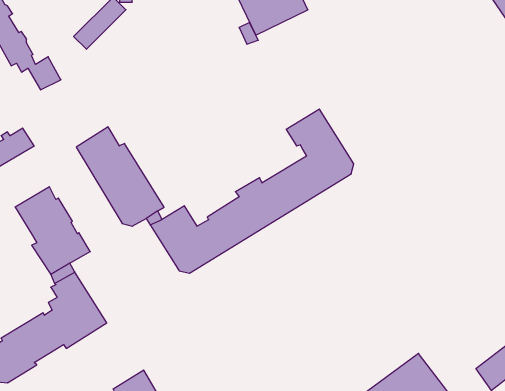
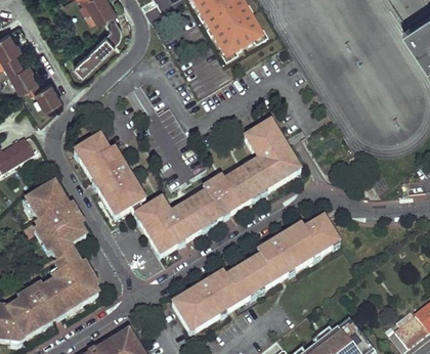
building: none -> [170,217,338,331]

